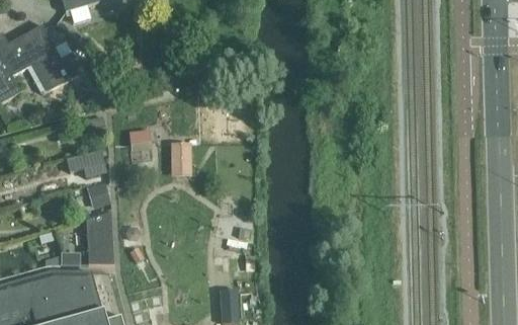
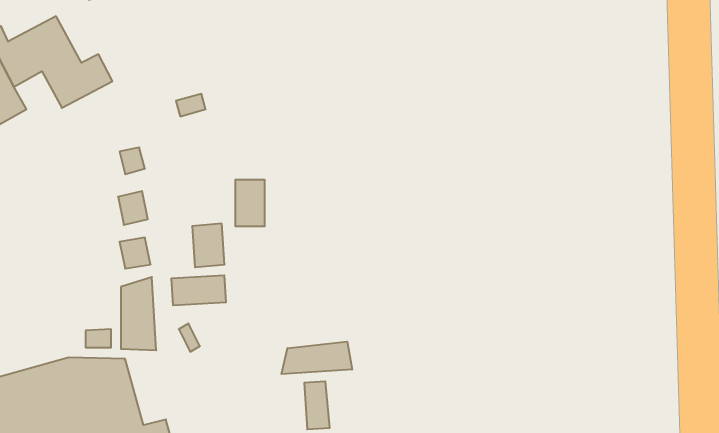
building: [132,125,155,156] -> [192,224,225,267]
building: none -> [172,275,226,305]
building: none -> [281,342,352,374]

